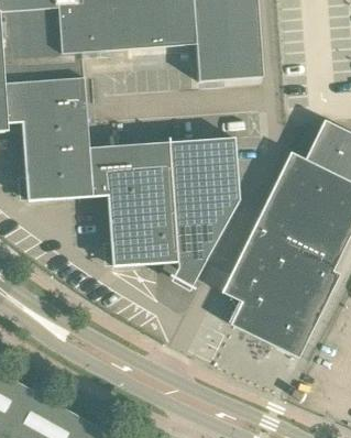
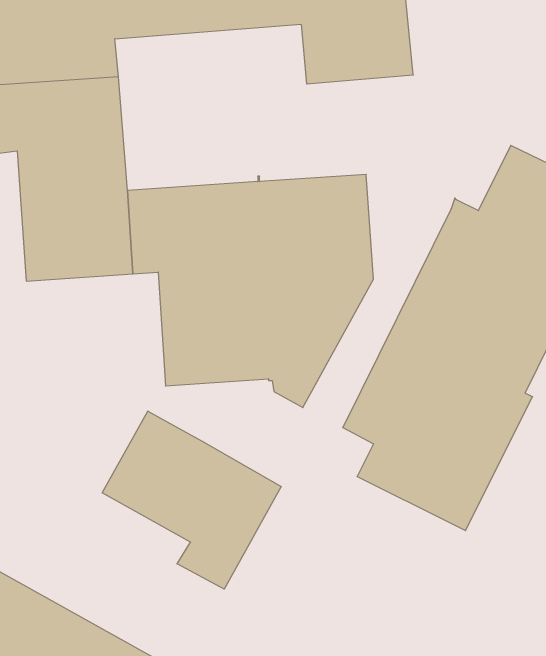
building: none -> [102,411,281,589]

